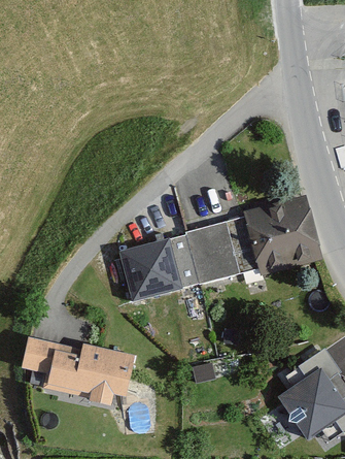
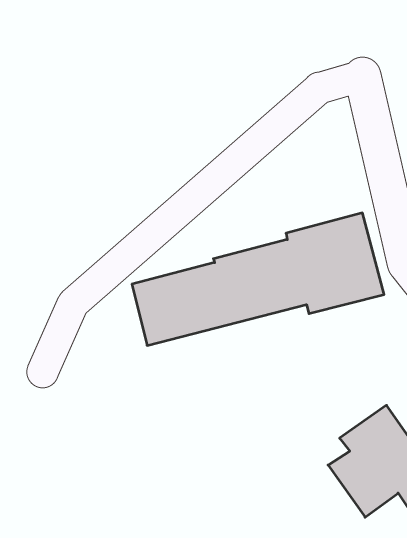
building: [20,337,133,409] -> none

